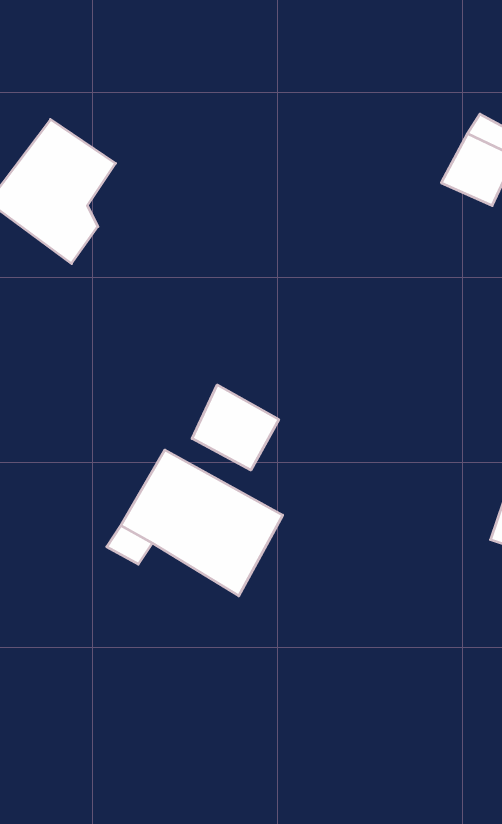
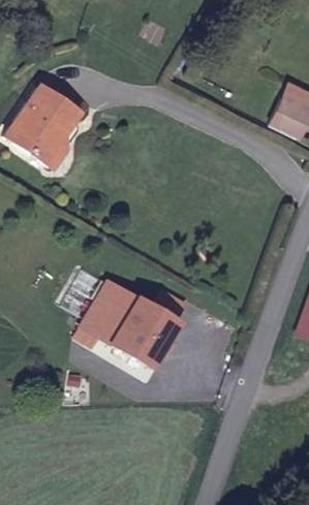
building: [192,385,279,470] -> none

